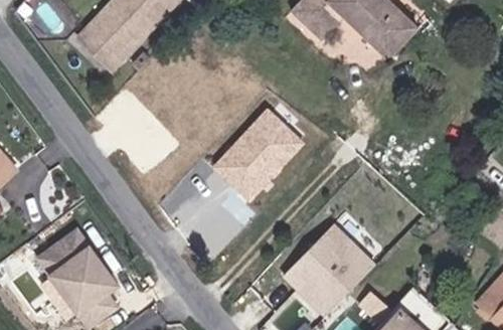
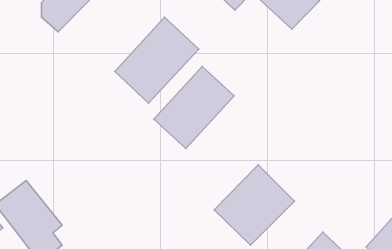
building: none -> [115,17,199,103]

